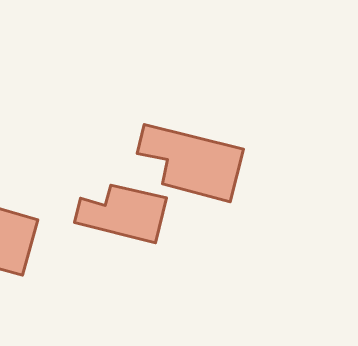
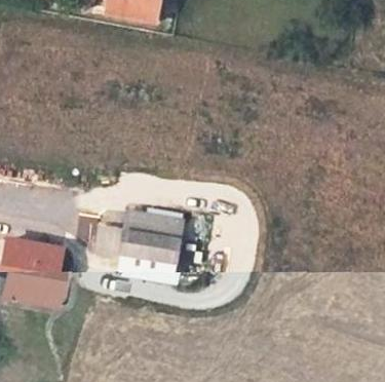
building: [137,124,243,202] -> none

